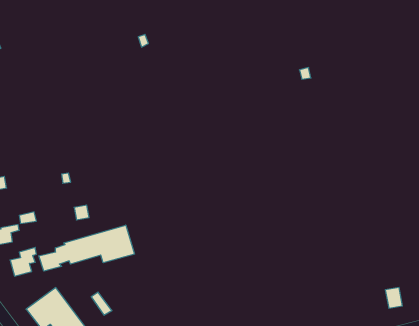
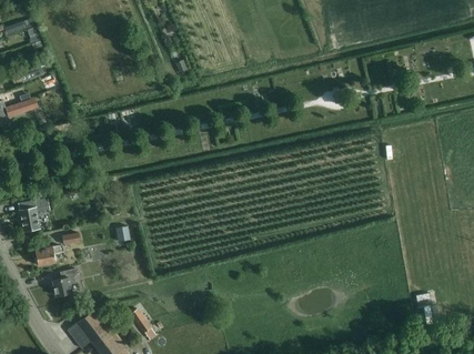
building: [39,225,135,271] -> none

